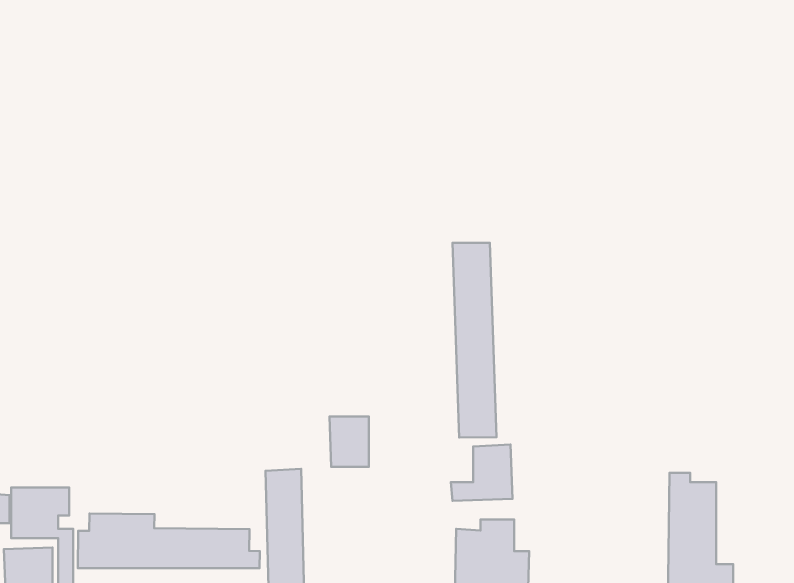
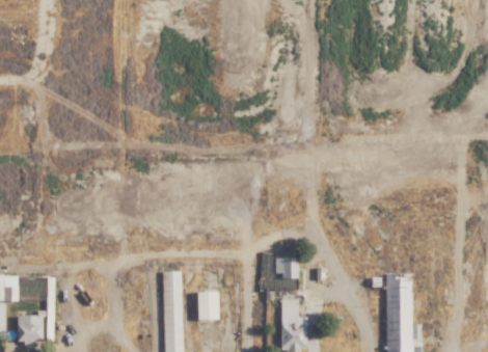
building: [452,243,497,437] -> none
building: [329,416,369,467] -> [196,291,218,319]
building: [78,514,260,568] -> none

